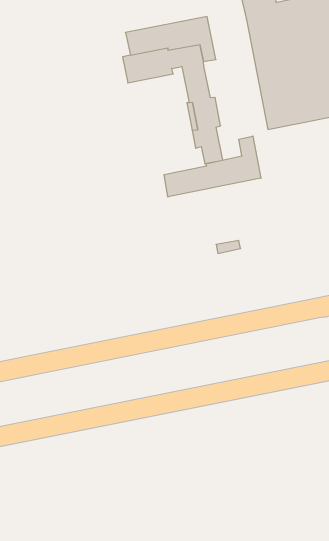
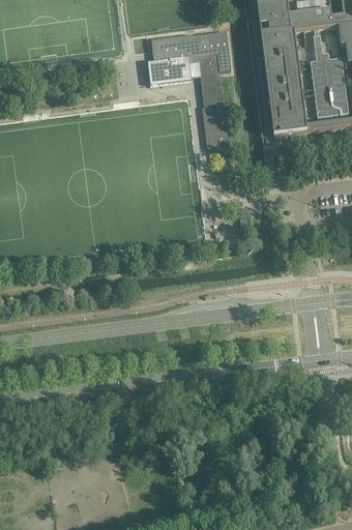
building: [164,136,261,197] -> none

